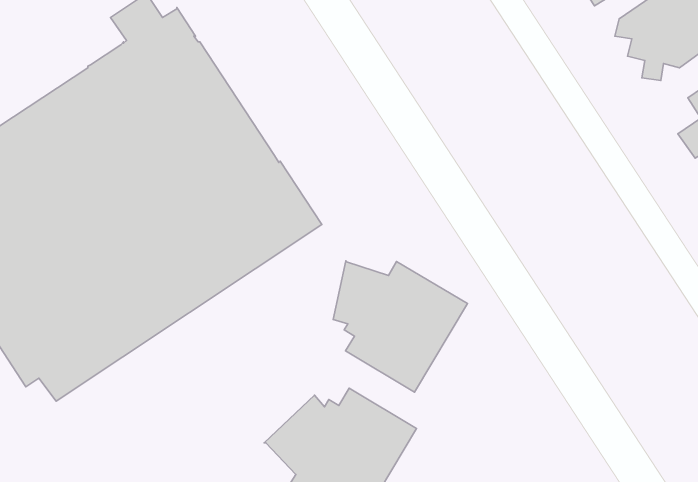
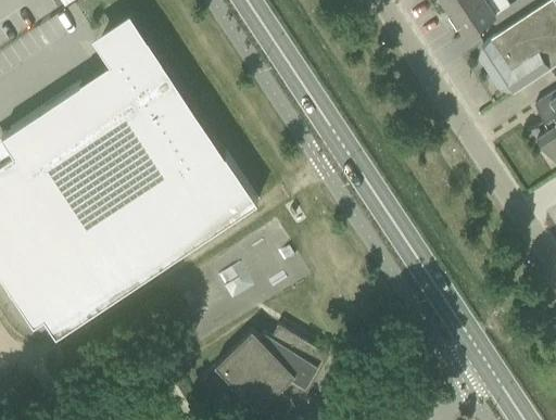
building: [333,261,467,392] -> none

